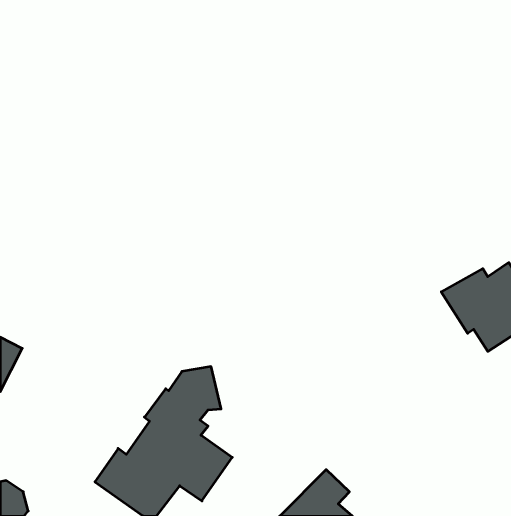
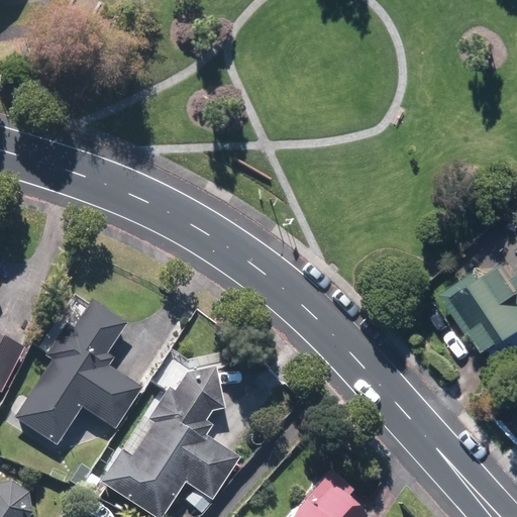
building: none -> [14,301,144,445]

